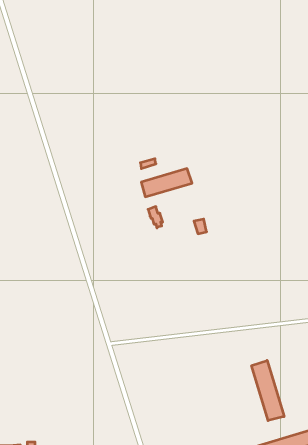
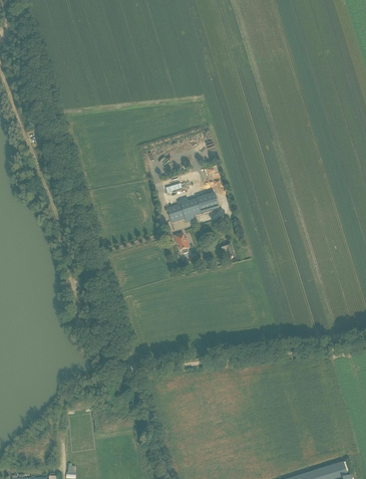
building: [252,360,284,421] -> none

